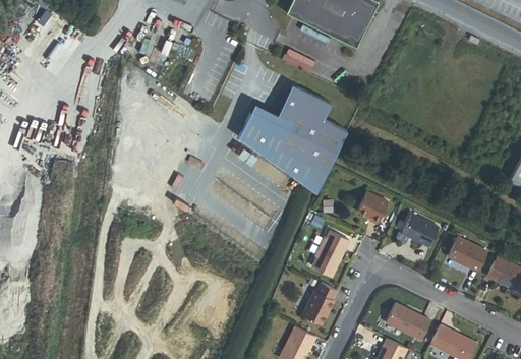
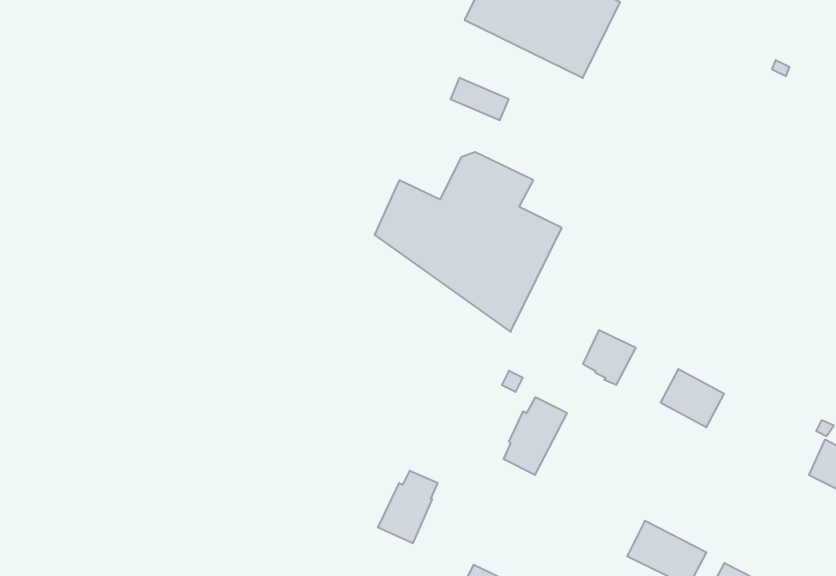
building: [449,237,487,272] -> none
building: [301,284,336,325] -> [378,471,438,543]

